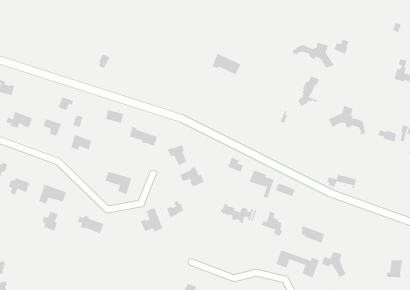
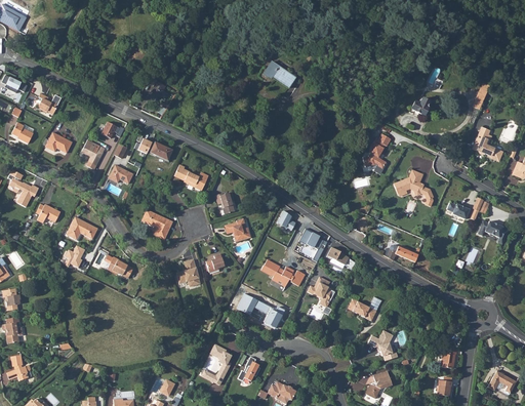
building: [292,42,335,69] -> none
building: [211,53,241,75] -> [264,62,296,88]
building: [275,249,320,278] -> [238,293,287,329]

